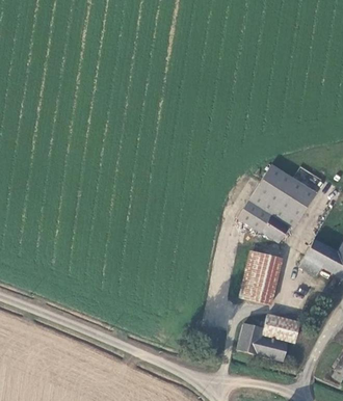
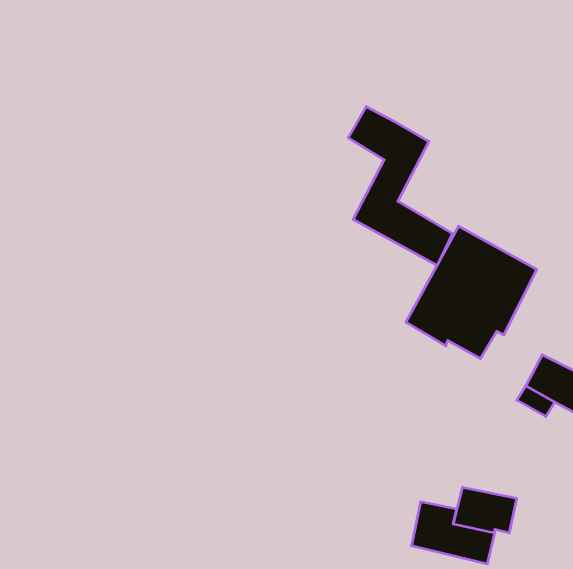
building: none -> [348,106,452,265]
building: [240,250,283,303] -> none

